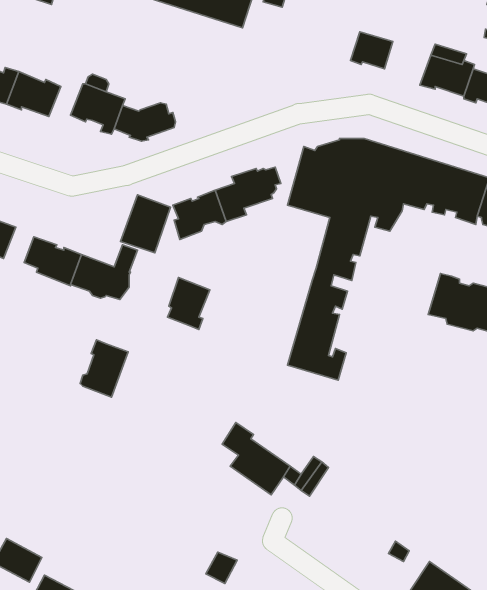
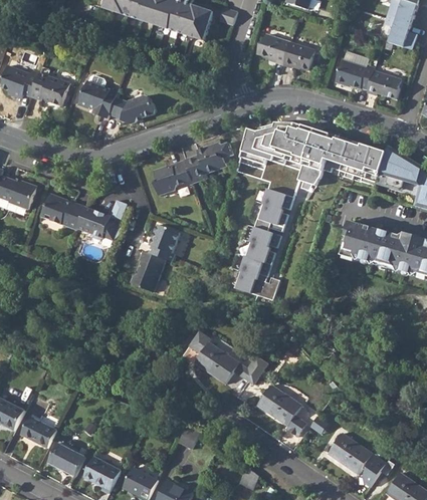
building: none -> [256,34,290,64]
building: [121,195,171,253] -> none
building: [80,340,128,397] -> [130,250,165,292]
building: none -> [256,384,306,437]

